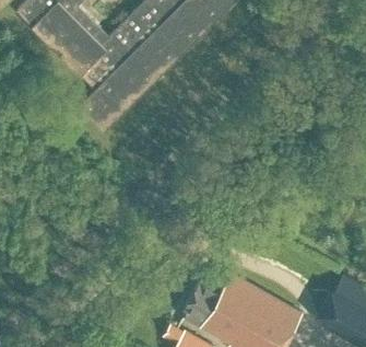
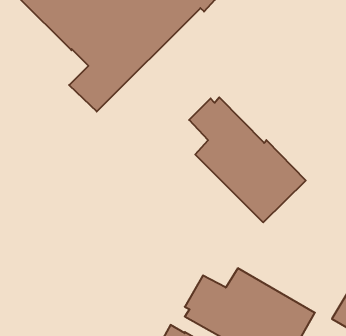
building: none -> [189,97,306,222]

